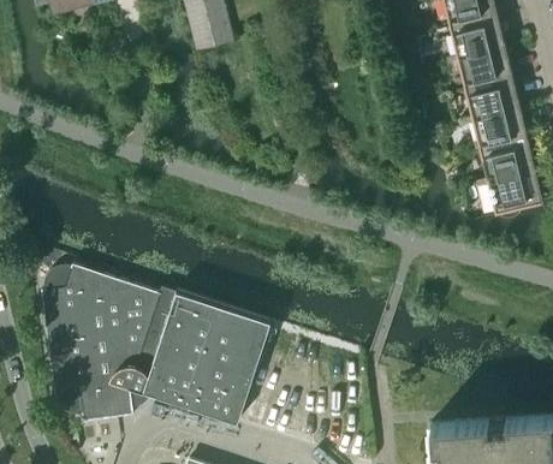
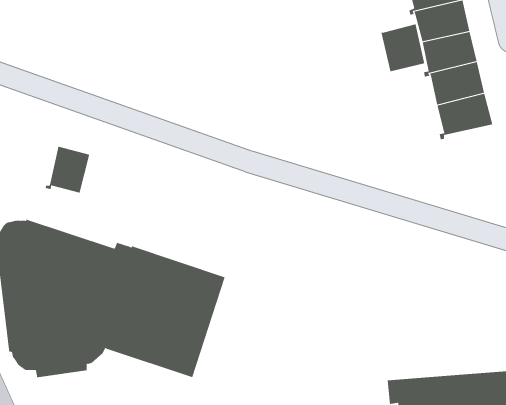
building: none -> [381,23,425,72]
building: [488,171,543,218] -> none
building: none -> [45,146,90,193]

